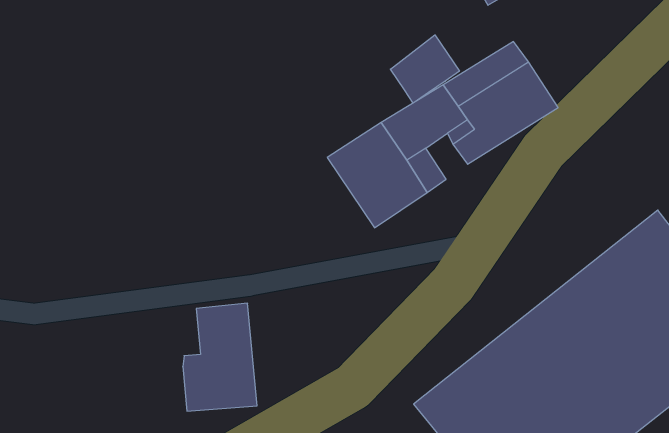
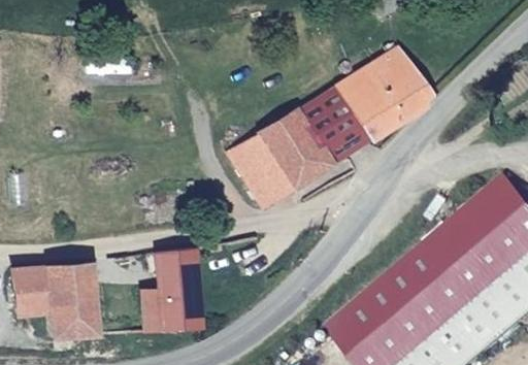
building: [390,35,459,103] -> none
building: none -> [226,136,292,209]
building: none -> [13,261,98,336]

